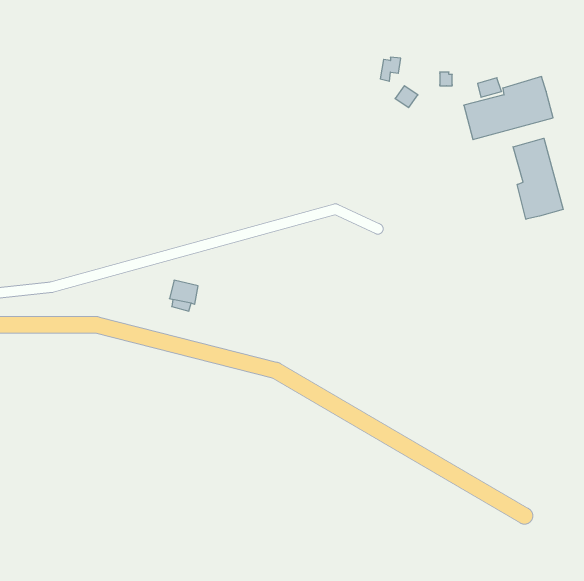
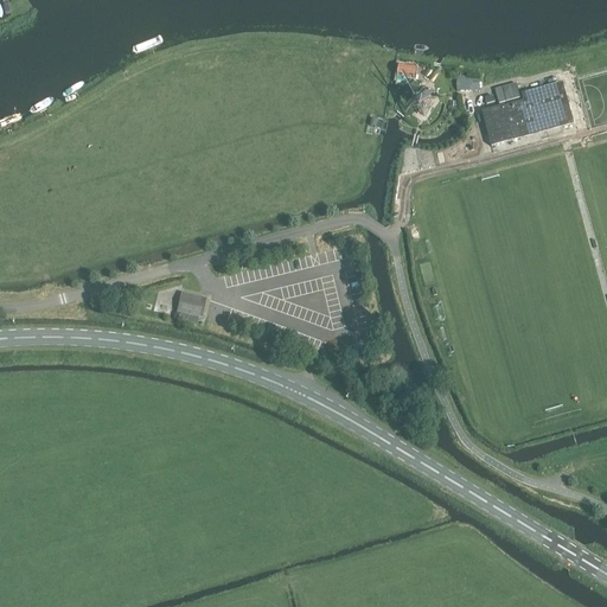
building: [513,138,563,219] -> none

